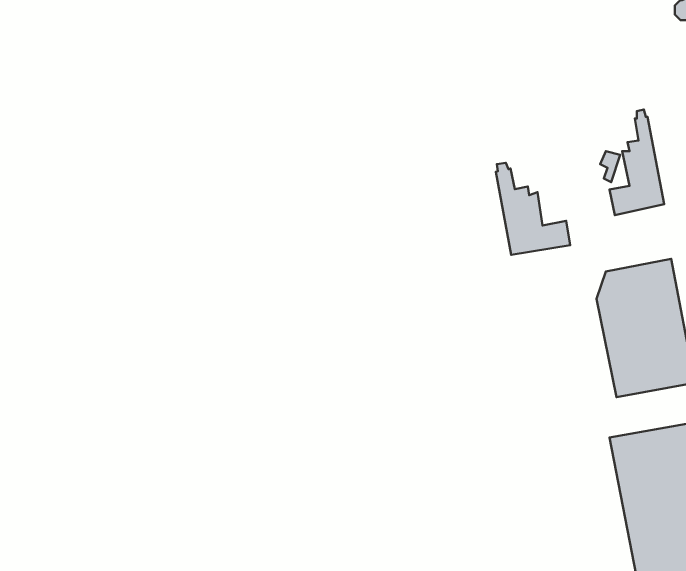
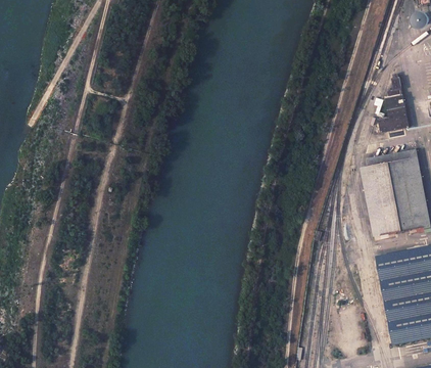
building: [496,163,570,255] -> none

